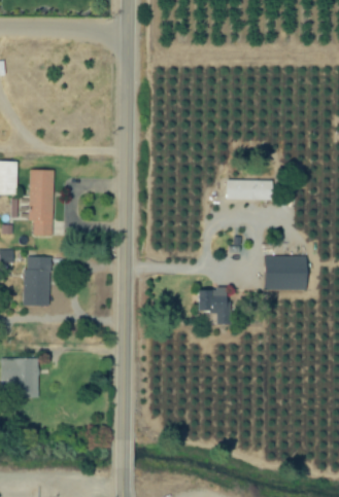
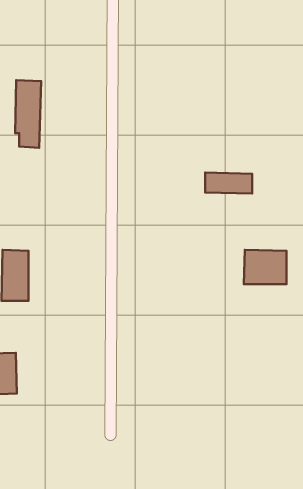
building: [29,169,55,236] -> [15,80,41,148]
building: [197,287,230,323] -> none

